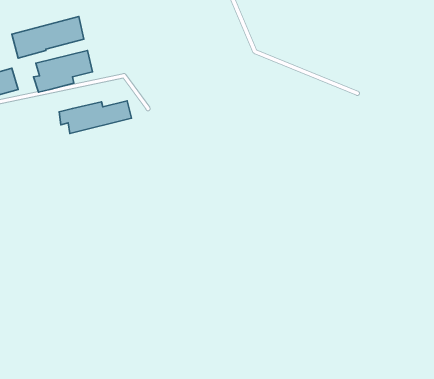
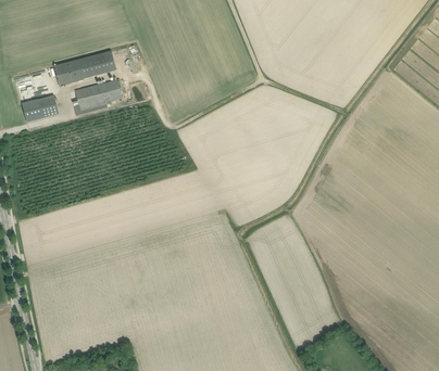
building: [59,101,131,133] -> none

